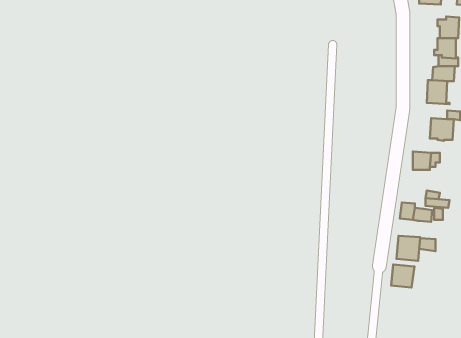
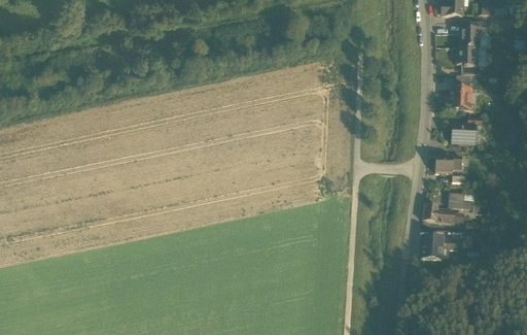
building: [391,264,414,287] -> none

